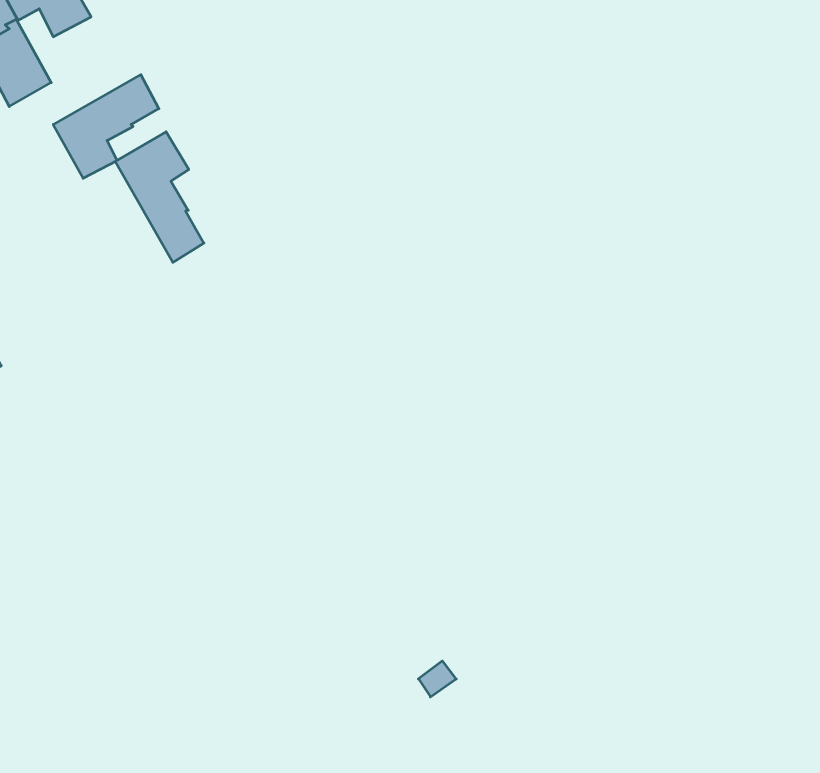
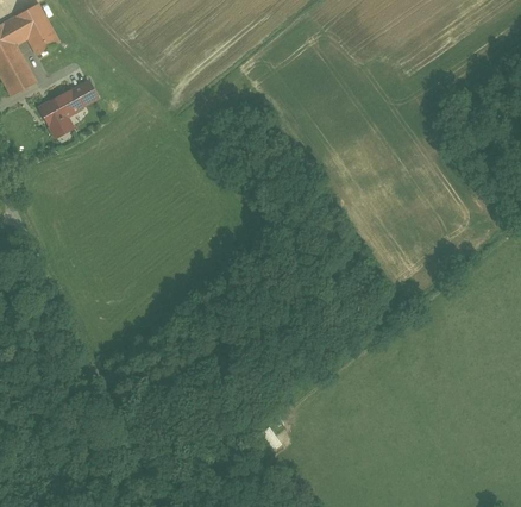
building: [115,132,204,262] -> none

